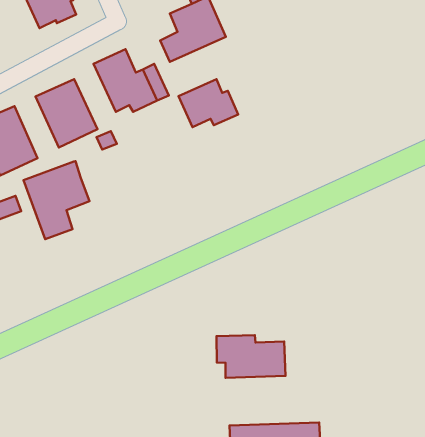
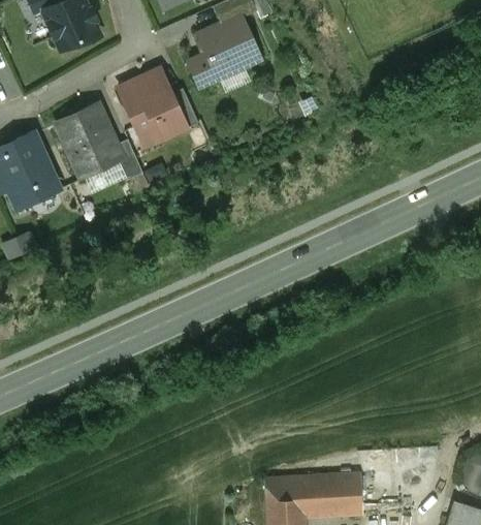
building: [178,79,238,127] -> none
building: [24,161,90,239] -> none
building: [216,335,286,378] -> none

